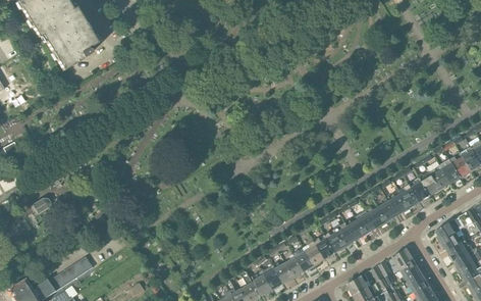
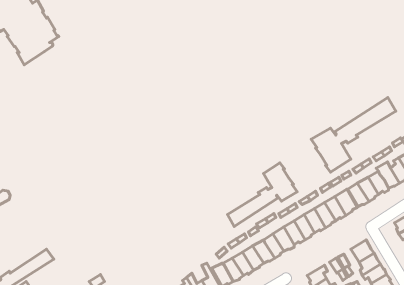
building: none -> [311,98,396,172]
building: none -> [227,163,297,226]

